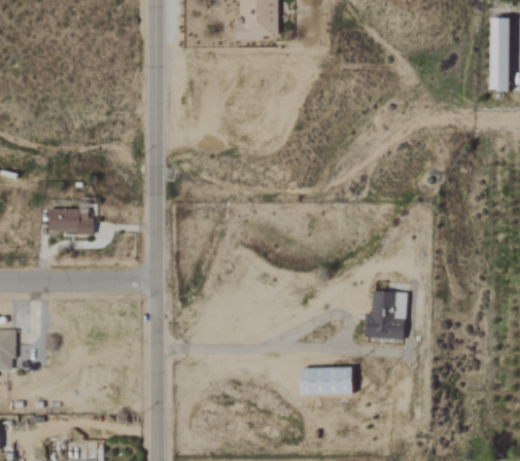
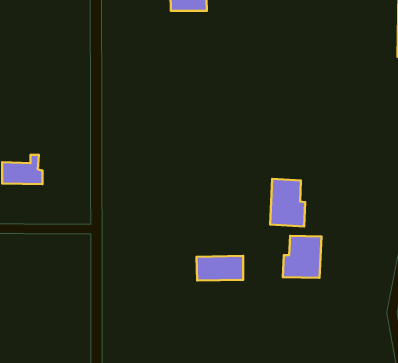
building: none -> [270,179,305,226]
building: [302,366,354,394] -> [196,256,243,281]

